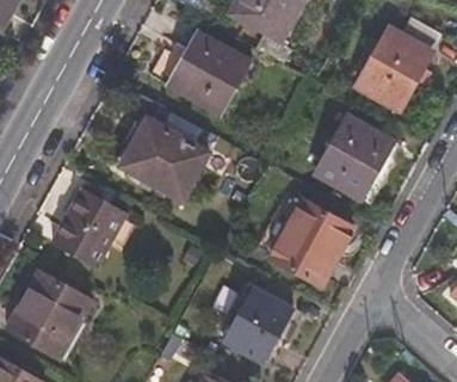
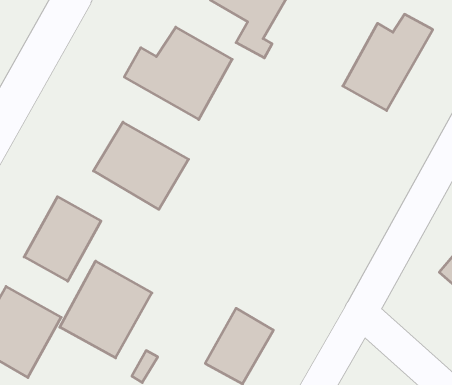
building: [314,115,391,199] -> none
building: [272,204,346,285] -> none
building: none -> [60,261,152,358]

